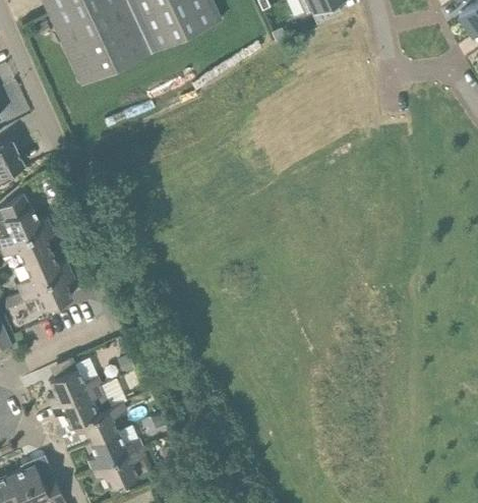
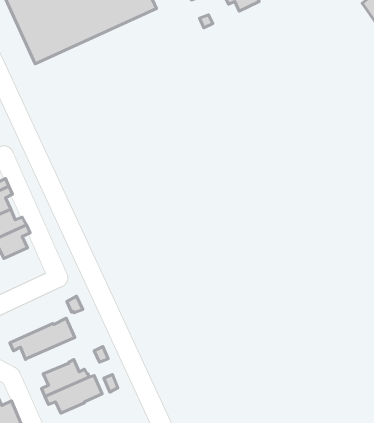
building: [47,368,101,406] -> none
building: [72,398,134,442] -> none

